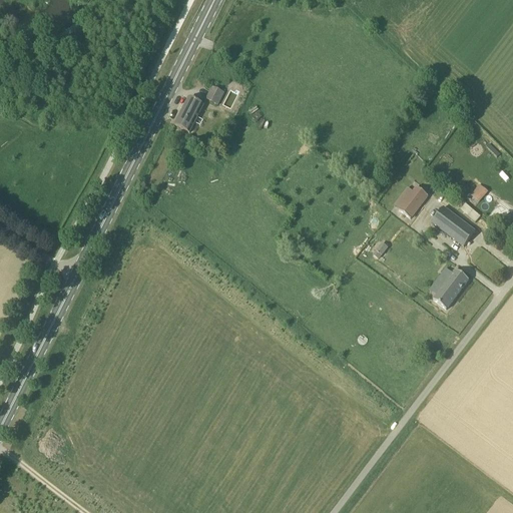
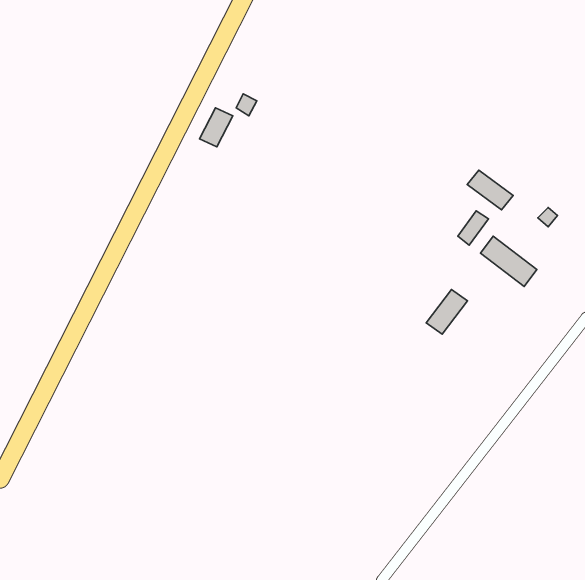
building: none -> [467,170,513,210]
building: [434,267,470,306] -> [426,290,467,334]

